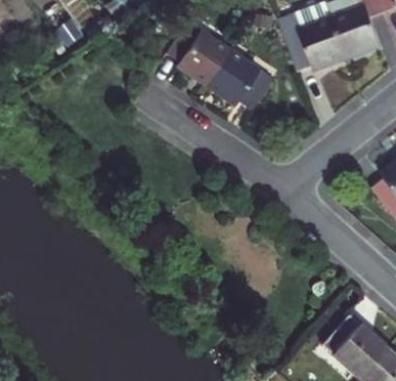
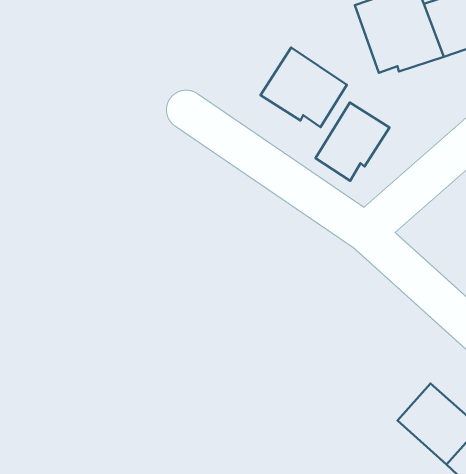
building: [173,25,235,88] -> none
building: none -> [315,102,389,181]

